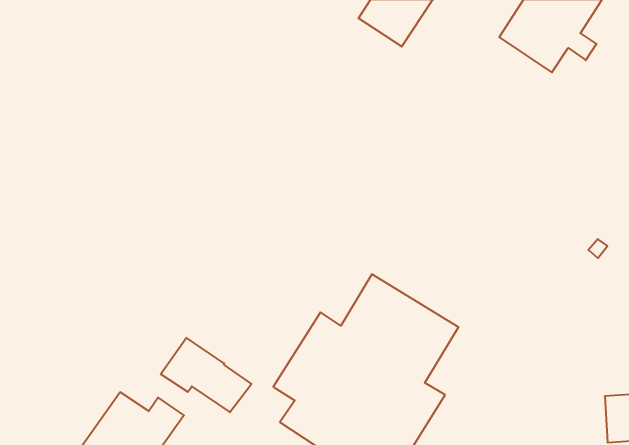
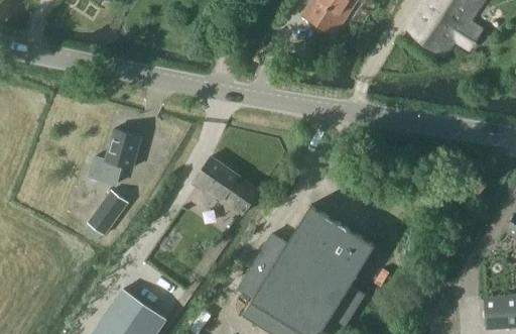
building: none -> [89,128,141,184]
building: none -> [88,190,128,235]
building: [161,338,251,412] -> [191,156,259,212]

